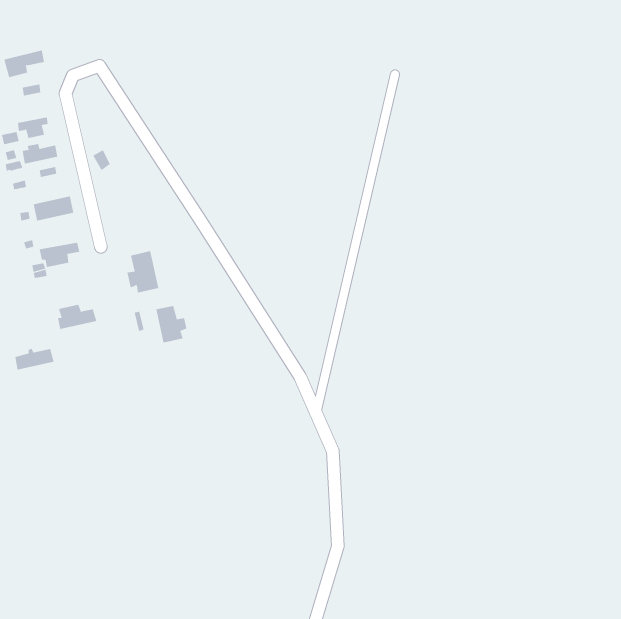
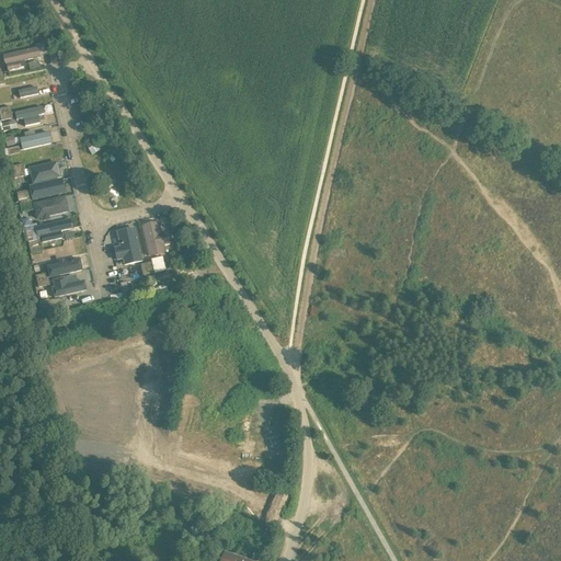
building: none -> [30,160,61,182]
building: none -> [33,194,69,218]
building: [156,306,187,343] -> [141,221,170,255]
building: [14,348,55,370] -> [47,256,83,276]

